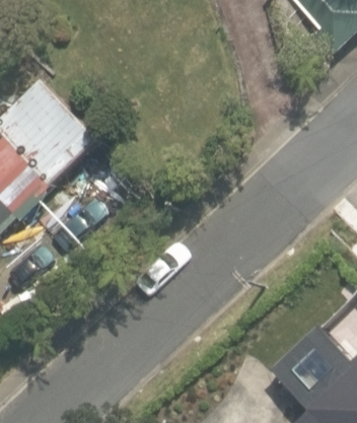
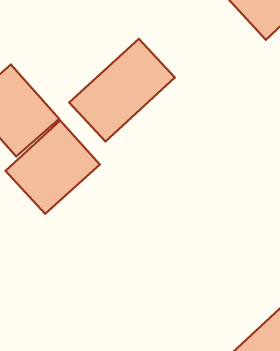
building: none -> [69,39,175,141]

